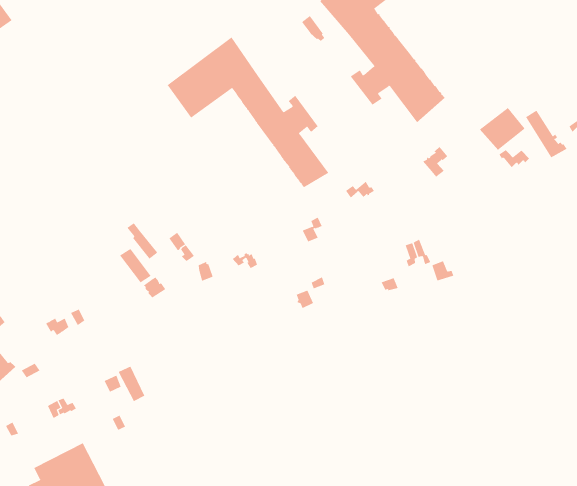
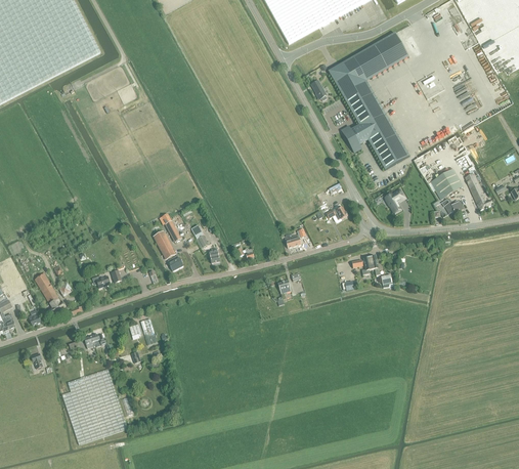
building: [167,36,329,188] -> none

